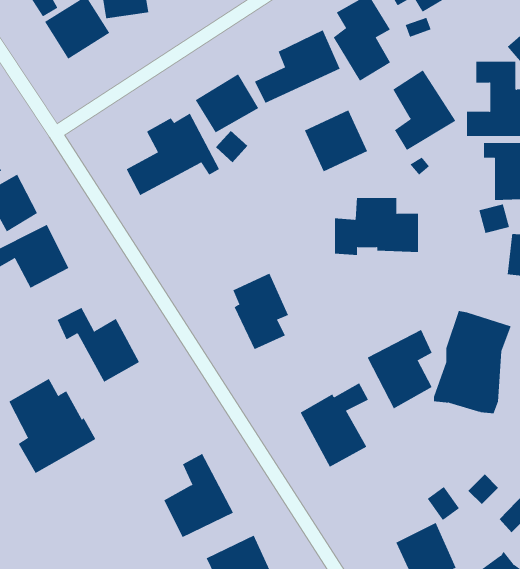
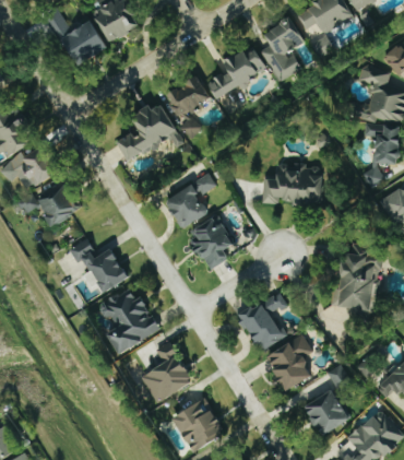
building: [393,70,456,151] -> none
building: [304,110,368,172] -> none
building: none -> [164,173,216,227]
building: [367,329,433,409] -> [265,334,311,390]
building: [8,378,96,474] -> [99,286,161,353]

